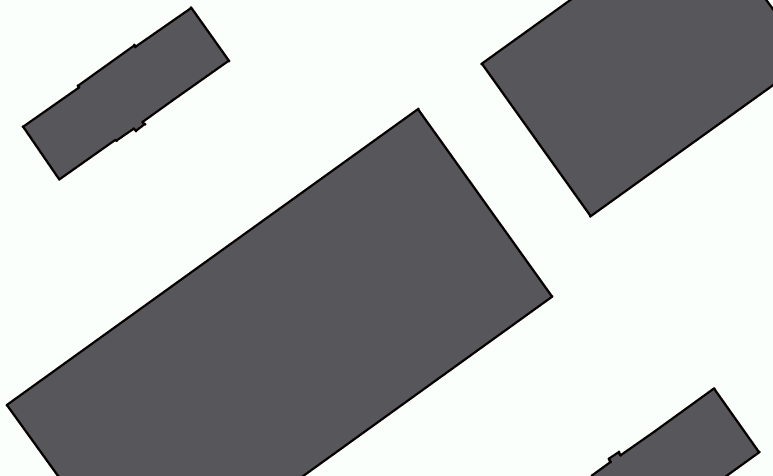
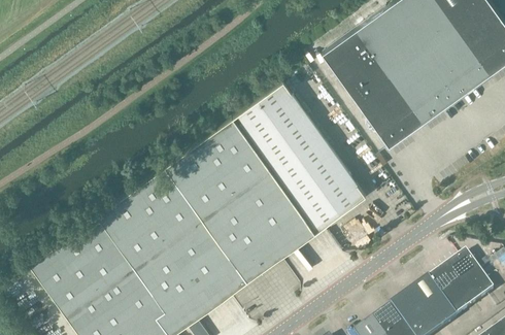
building: [23,8,229,179] -> none

